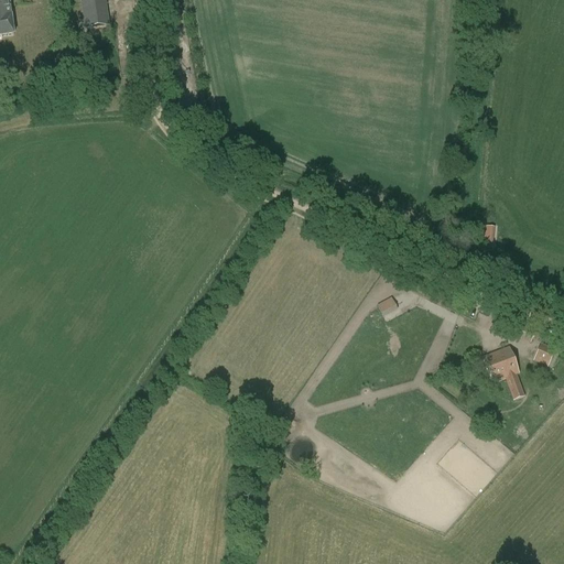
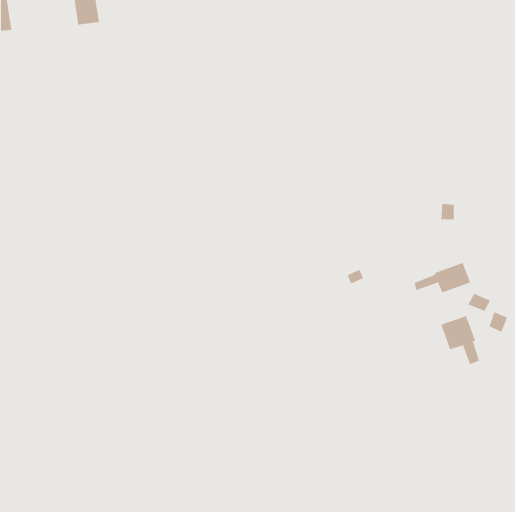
building: none -> [414,262,471,293]

